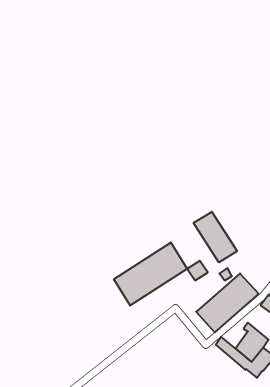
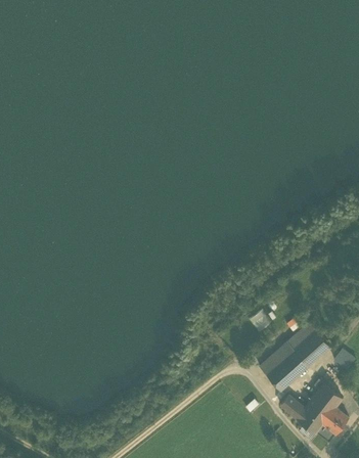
building: [194,212,237,262] -> none
building: [114,242,187,306] -> none

